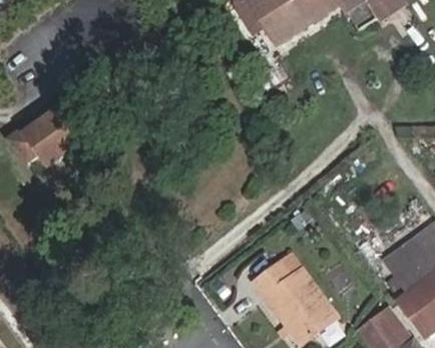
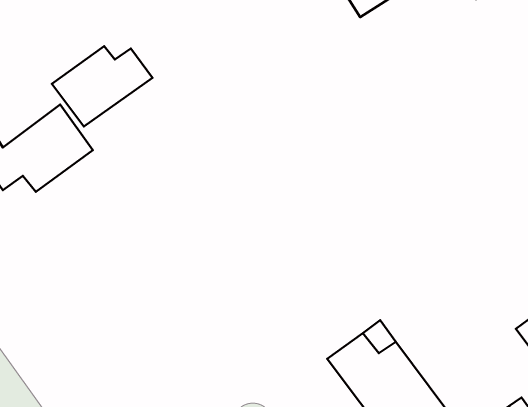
building: none -> [52,46,153,126]

